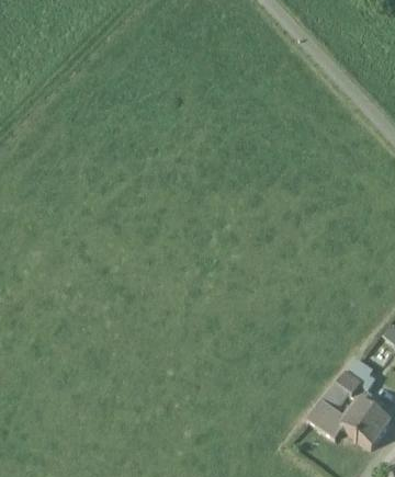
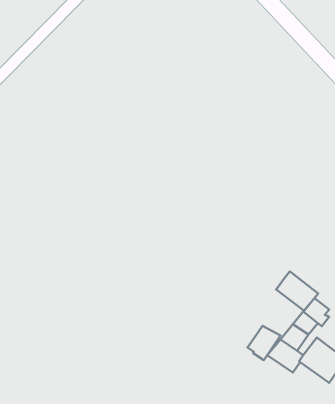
building: none -> [276,272,318,311]
building: none -> [248,326,281,360]

